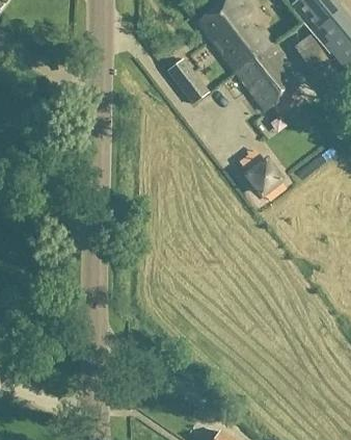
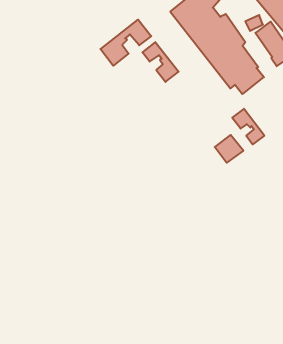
building: none -> [100,20,151,66]
building: none -> [232,109,264,144]

